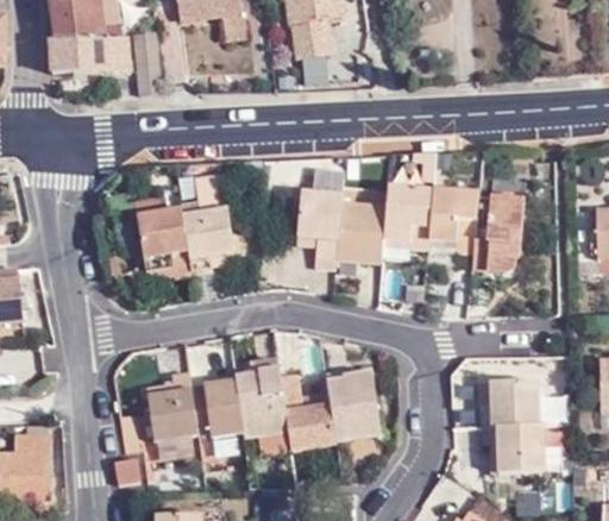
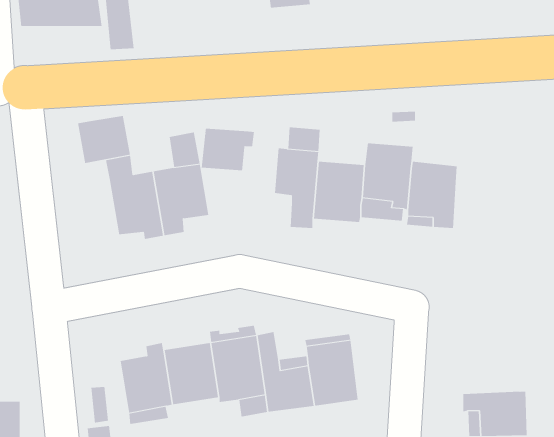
building: none -> [78,115,130,164]
building: none -> [201,128,255,171]
building: [472,197,519,271] -> none
building: [481,382,536,428] -> none

